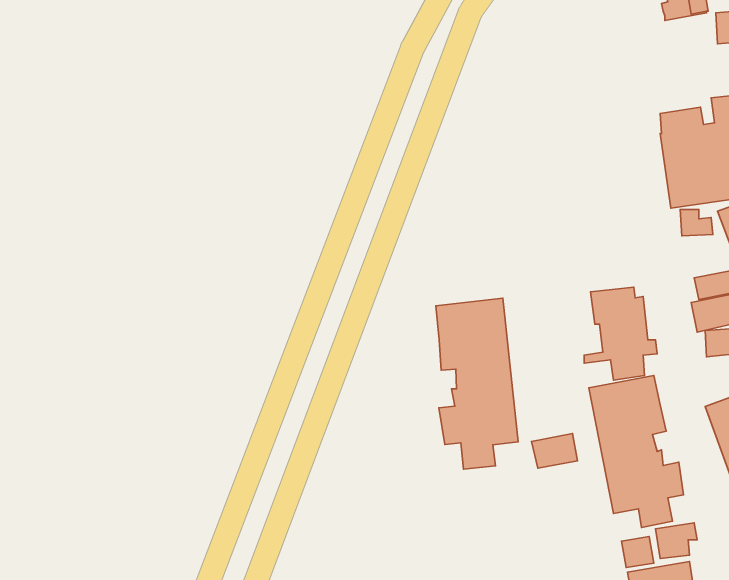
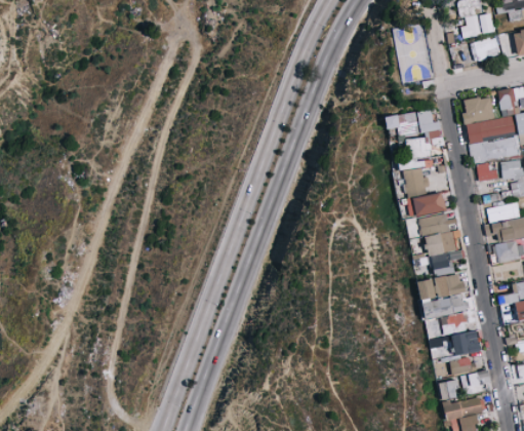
building: none -> [471,36,501,62]
building: none -> [386,109,446,217]
building: [436,298,518,469] -> none
building: [532,433,578,468] -> none

